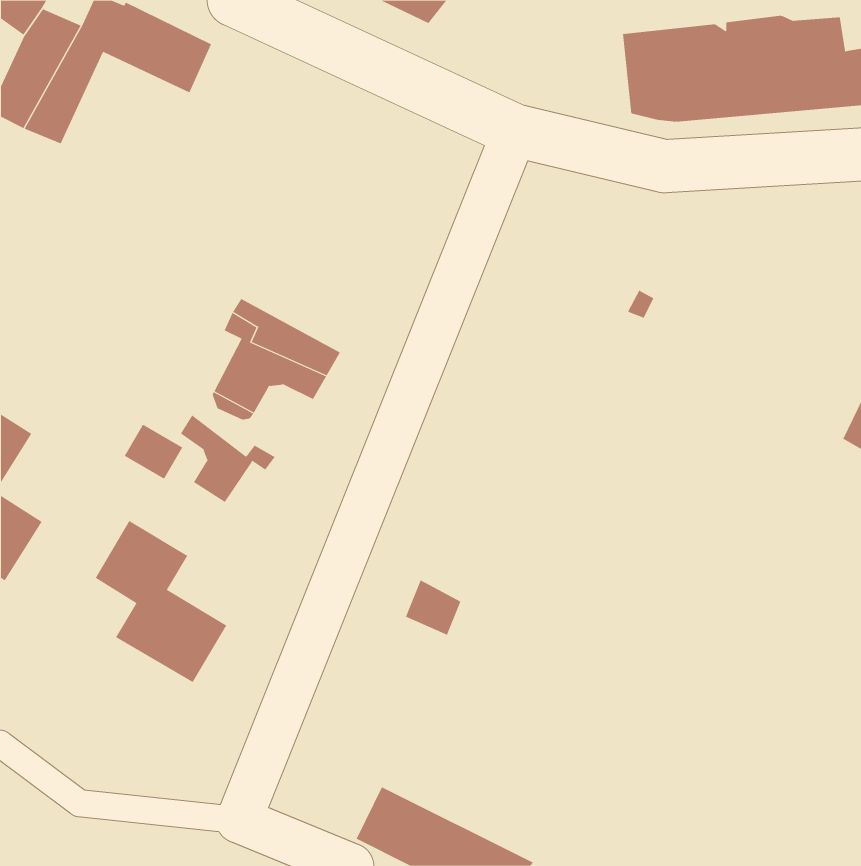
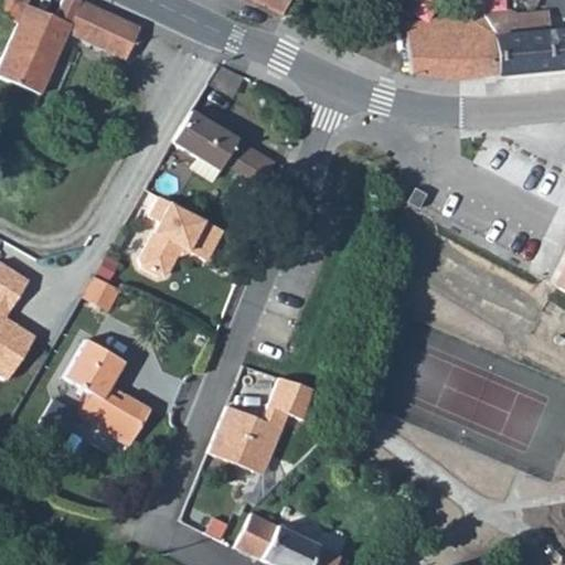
building: none -> [173,110,277,185]
building: [180,414,275,503] -> none
building: none -> [210,405,280,473]

